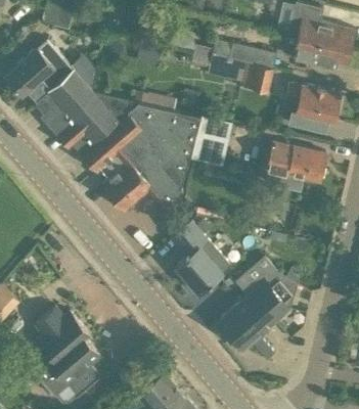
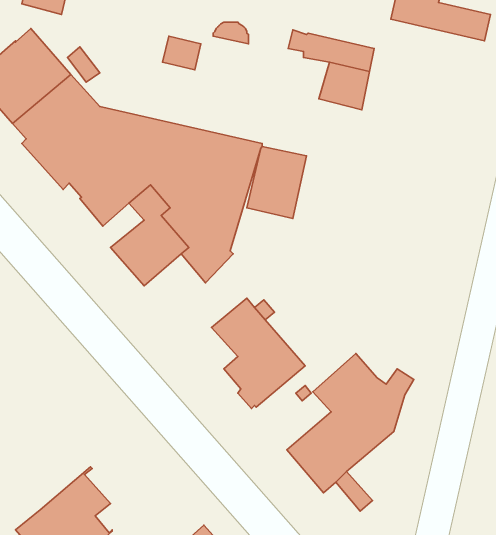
building: [283,33,351,67] -> none
building: [286,84,341,135] -> none
building: [262,141,326,191] -> none
building: [36,307,88,360] -> none

